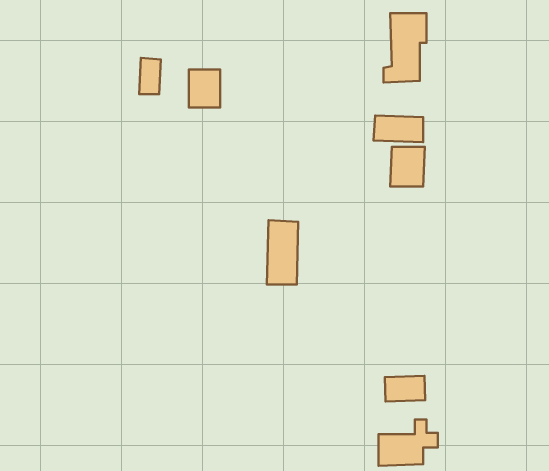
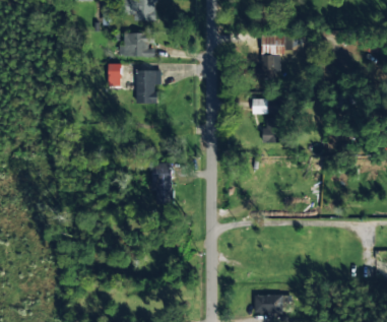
building: none -> [118,34,153,57]
building: [267,220,298,285] -> [152,164,172,203]
building: [385,376,425,401] -> none

